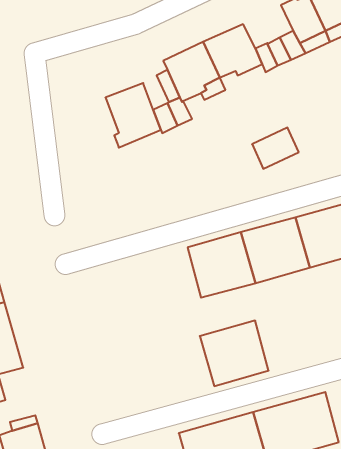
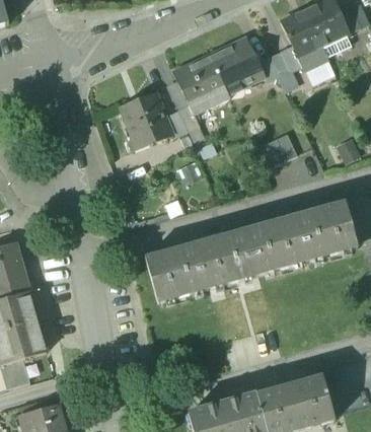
building: [200,321,269,386] -> [145,242,208,302]

